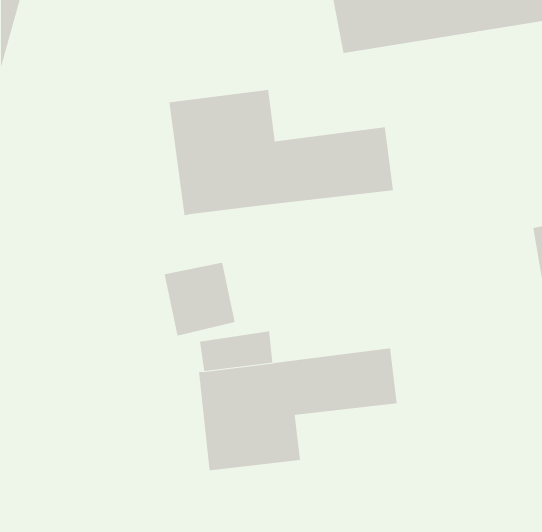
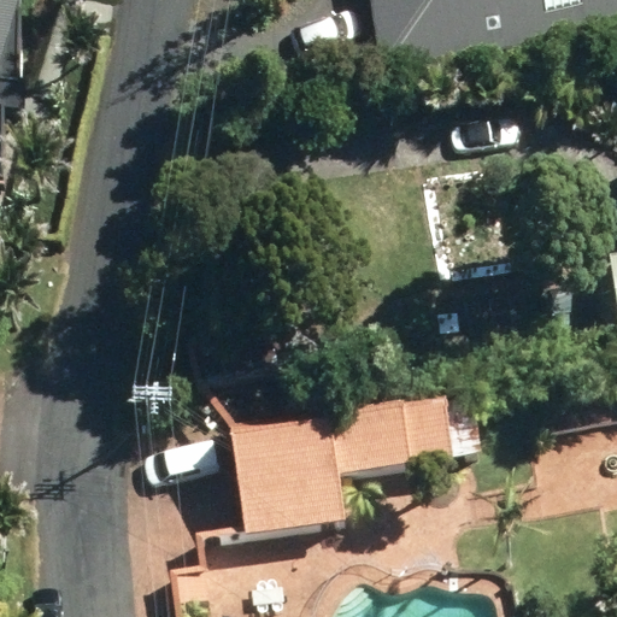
building: [169,89,393,216] -> none

